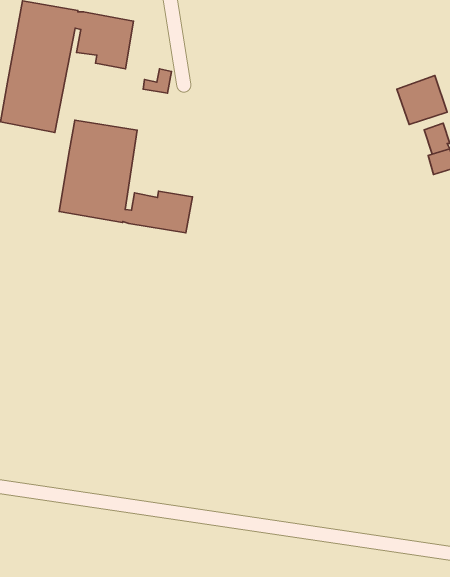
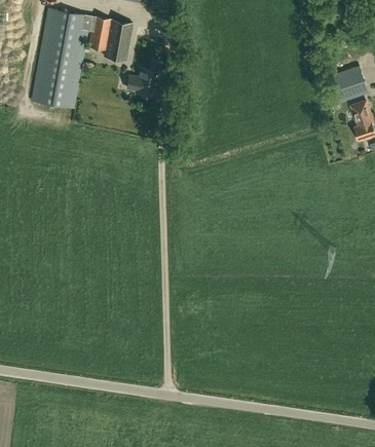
building: none -> [126,76,157,99]
building: [59,120,193,233] -> none

